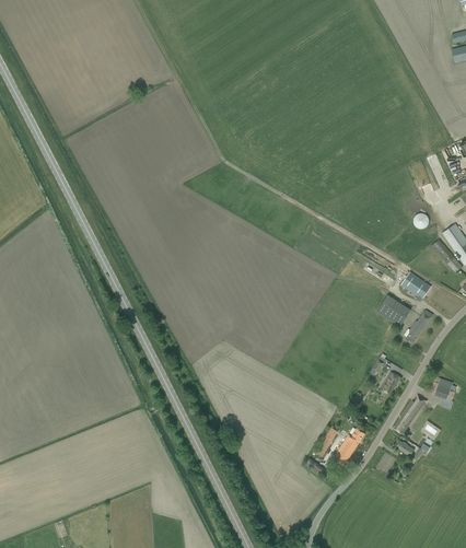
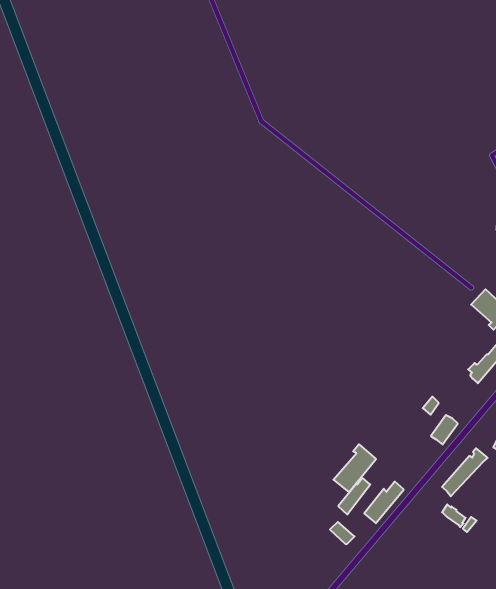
building: [376,294,410,326] -> none
building: none -> [333,444,376,492]

